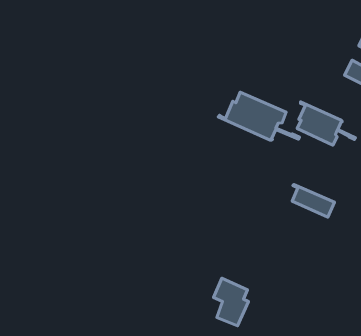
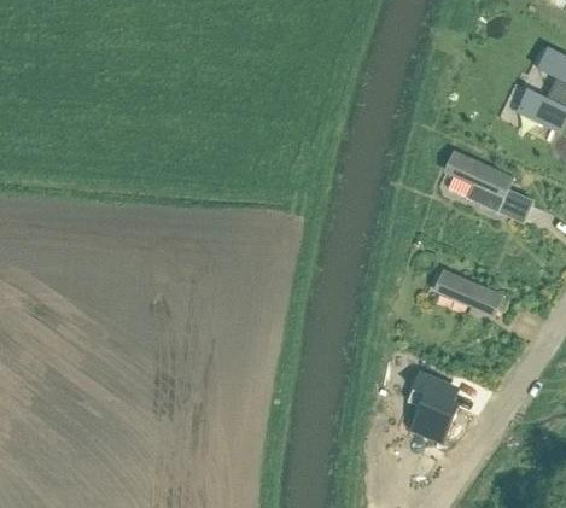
building: [218,92,299,140] -> none
building: [213,278,248,326] -> [407,372,457,440]

